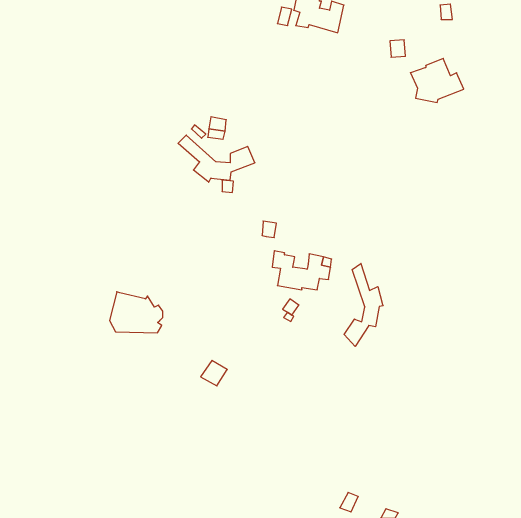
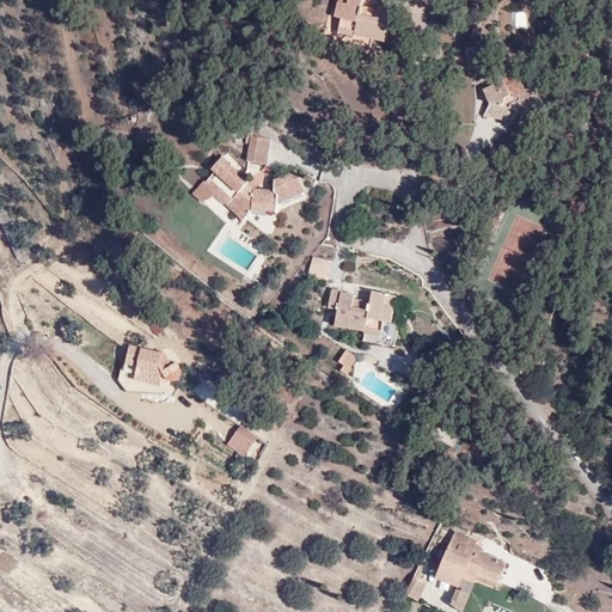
building: none -> [190,179,245,218]
building: [344,263,383,346] -> none
building: none -> [435,533,506,588]

